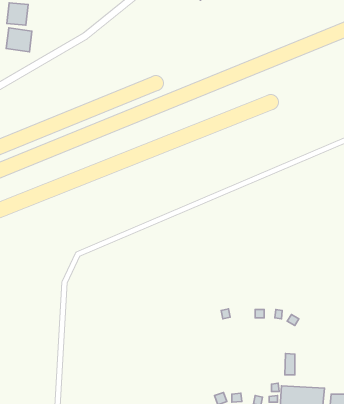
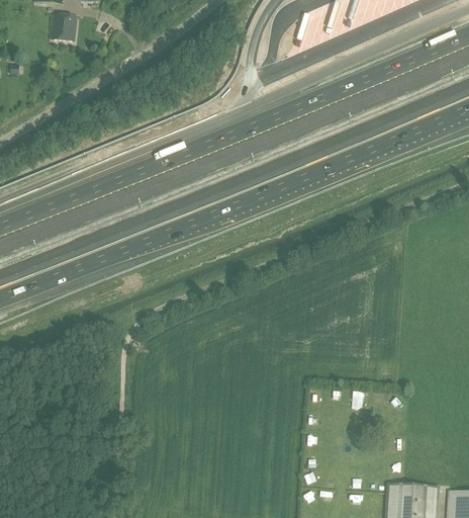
building: [6,28,32,52] -> none

